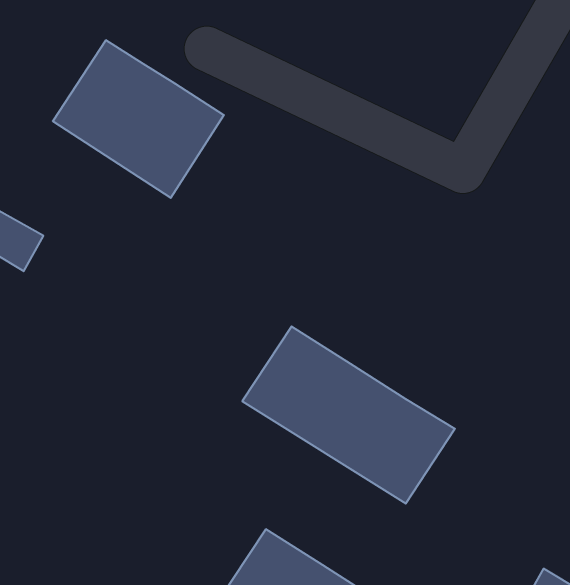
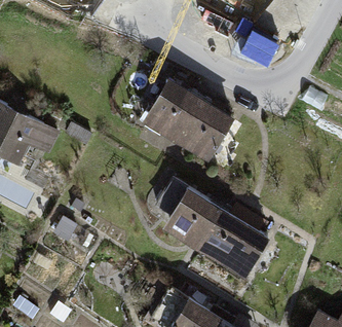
building: [53,40,224,198] -> [147,80,236,162]

